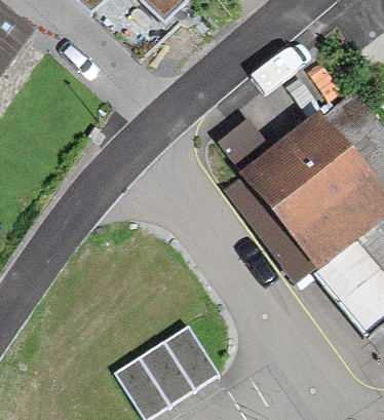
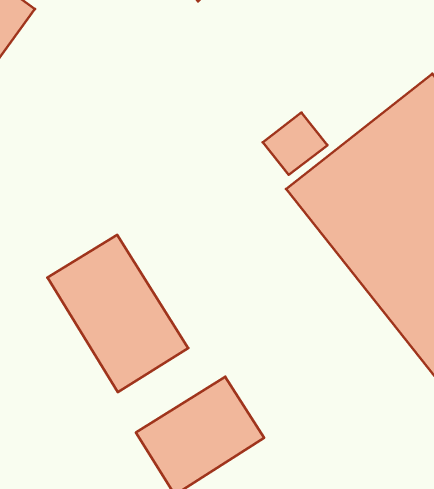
building: none -> [47,235,188,392]

